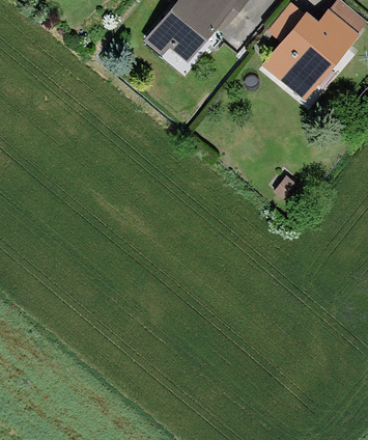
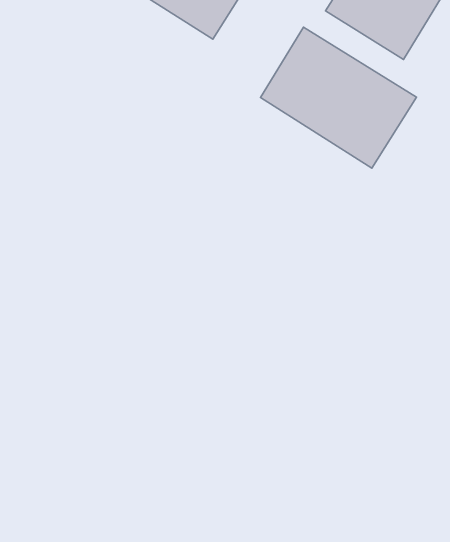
building: none -> [260,27,416,168]

